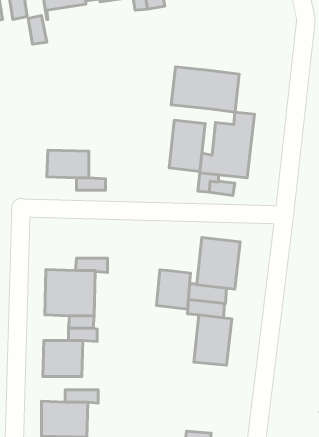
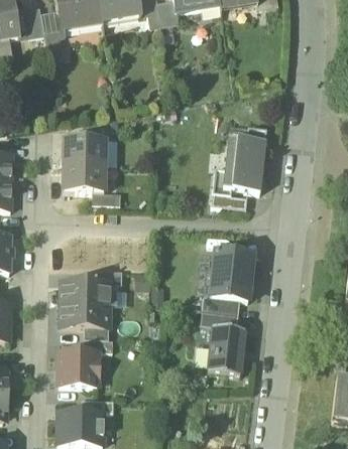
building: [171,67,239,112] -> none
building: [169,120,205,171] -> none
building: none -> [64,136,105,163]
building: [156,270,191,309] -> none

